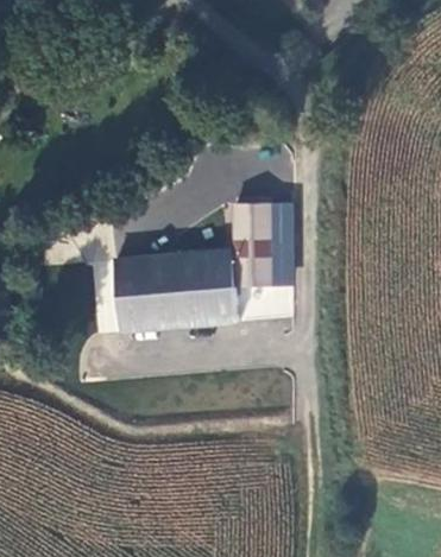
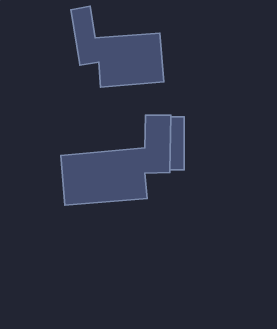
building: none -> [71,6,164,87]

